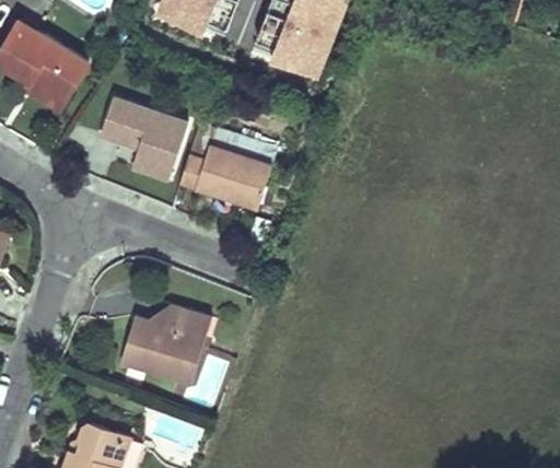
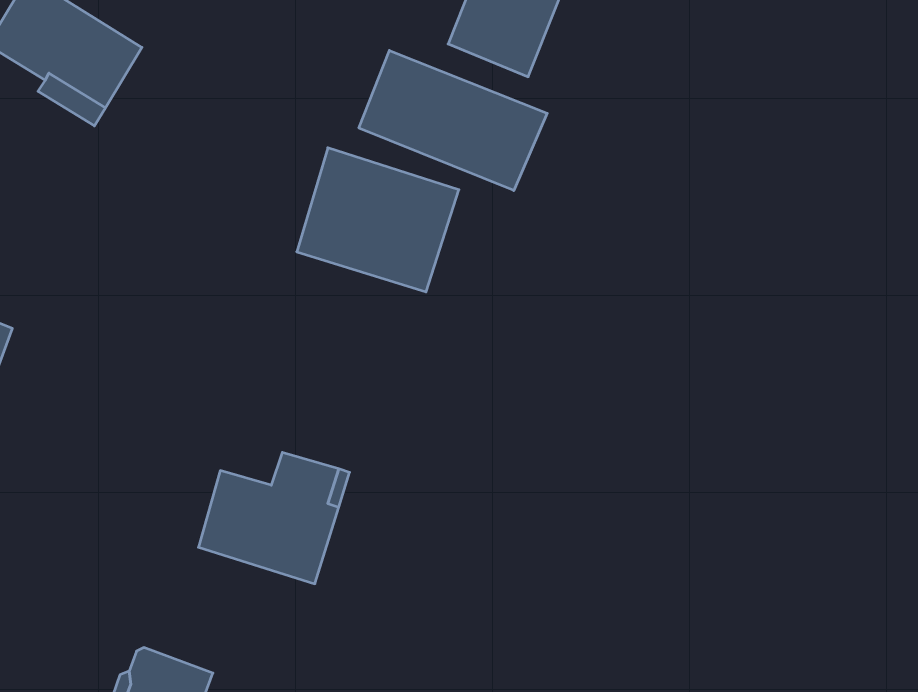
building: none -> [359,50,547,191]
building: [100,98,187,179] -> none

